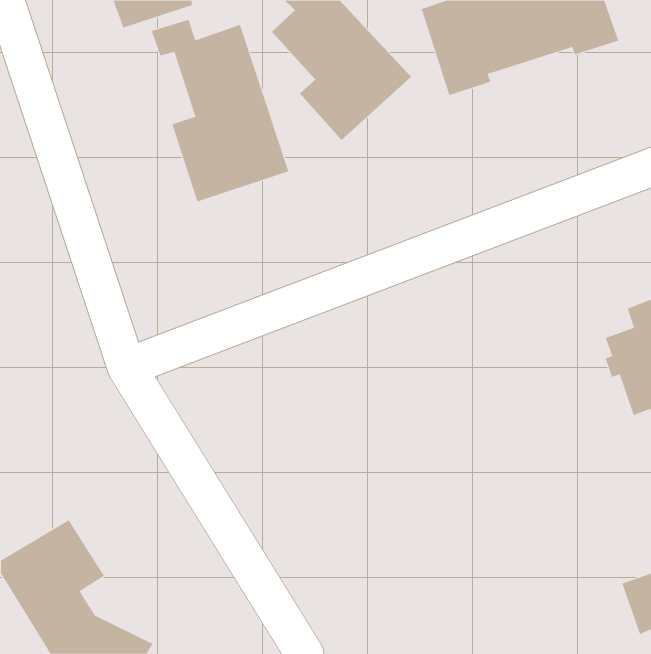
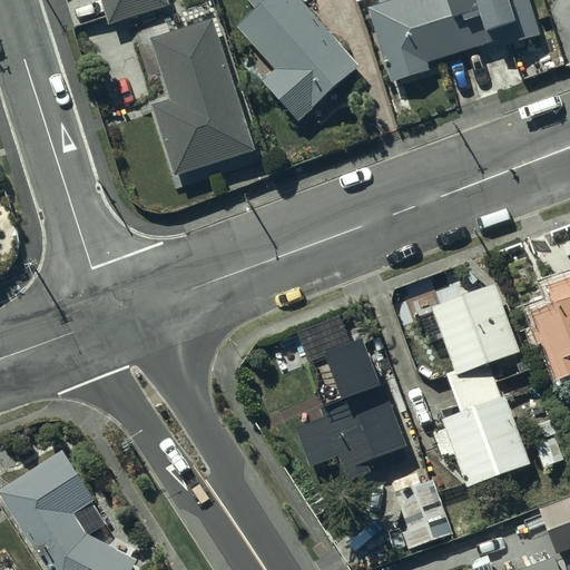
building: none -> [429,269,529,472]
building: none -> [296,316,406,469]
building: none -> [395,480,456,551]

